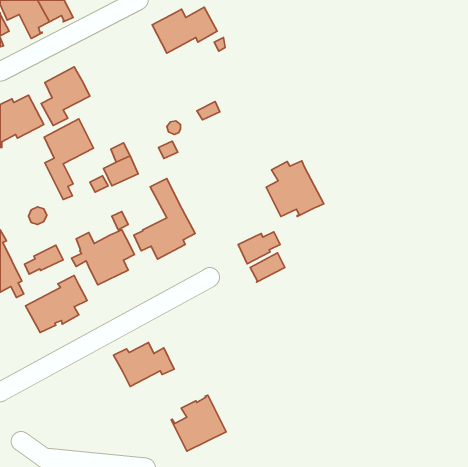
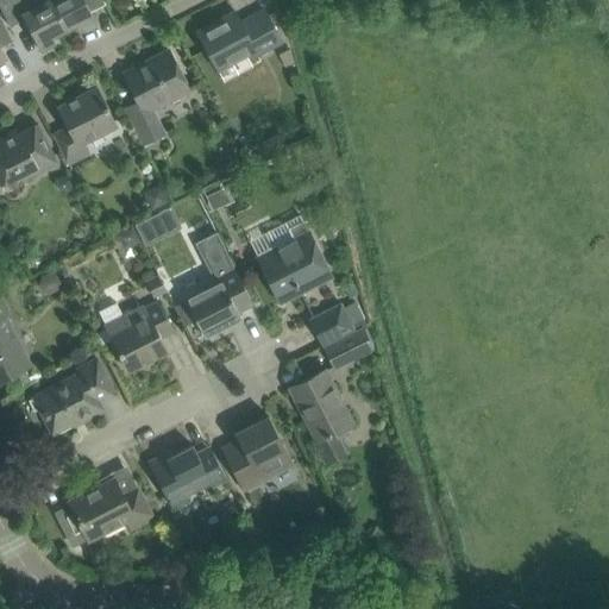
building: [44,119,93,199] -> [124,51,188,156]
building: [266,161,324,217] -> [257,222,332,295]
building: [25,245,63,274] -> none
building: none -> [289,371,351,465]
building: none -> [56,481,152,546]
building: [171,395,226,451] -> [221,417,293,490]

